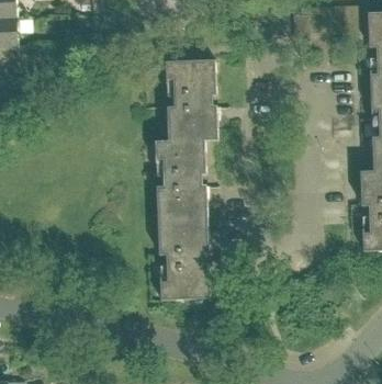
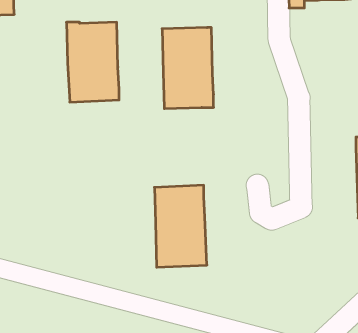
building: [155,140,207,221] -> [66,22,119,102]

